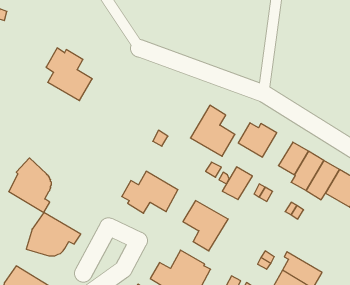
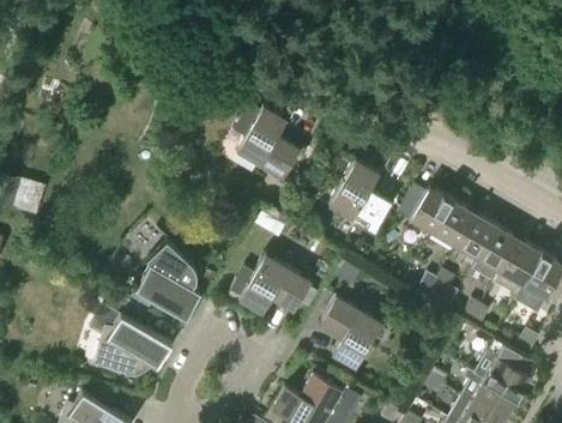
building: [46,48,92,101] -> [235,104,301,180]
building: [9,158,51,212] -> [137,242,198,320]
building: [222,167,252,200] -> [433,200,476,247]
building: none -> [467,339,533,400]

